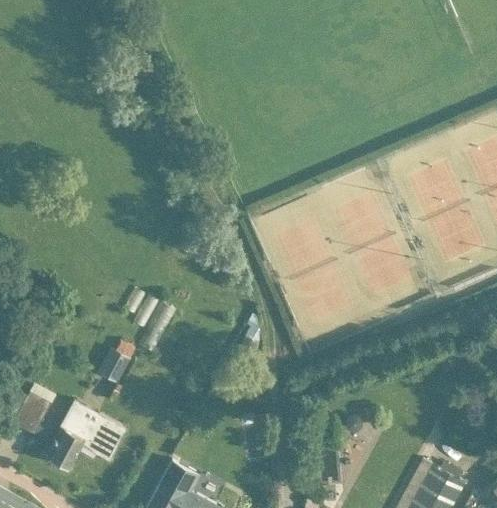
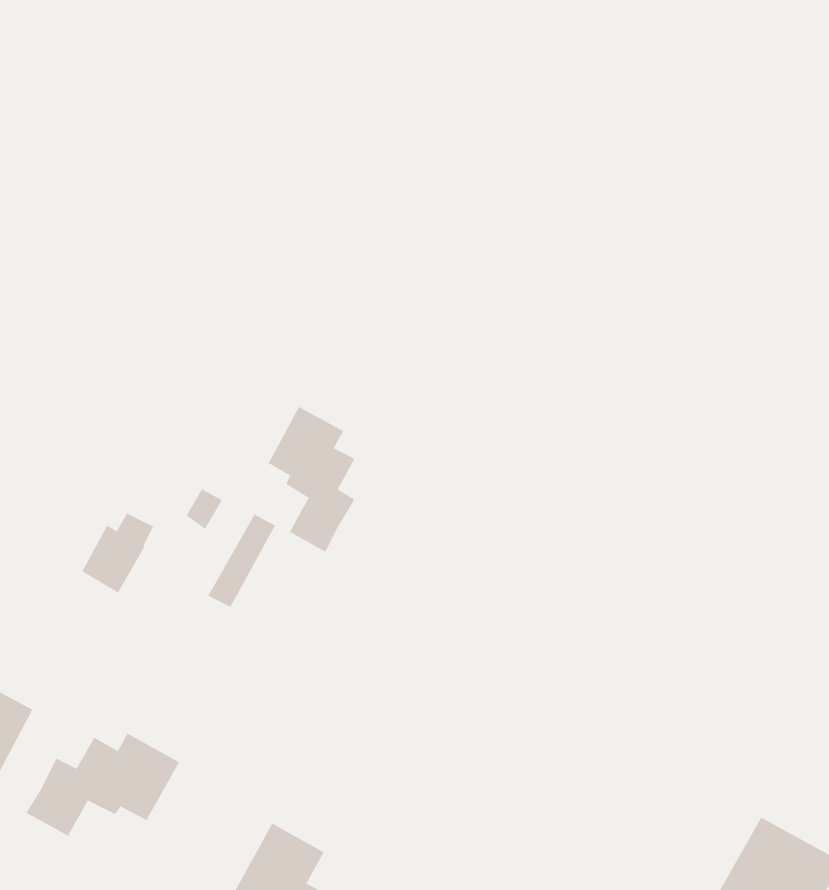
building: none -> [268,406,355,553]
building: [98,341,135,382] -> [81,513,154,593]

